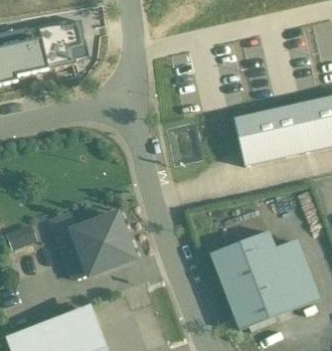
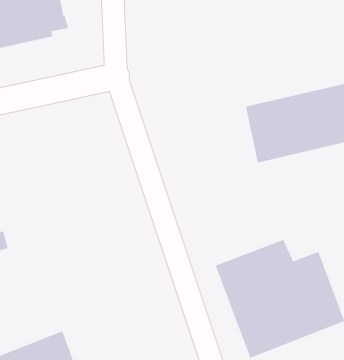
building: [72,214,134,275] -> none

